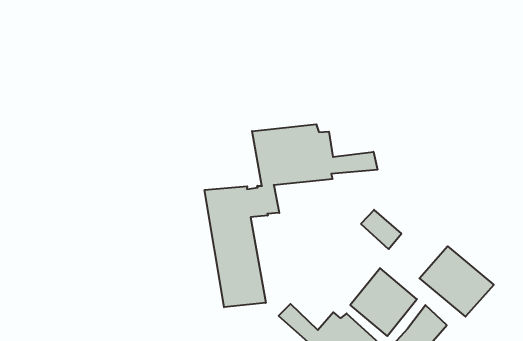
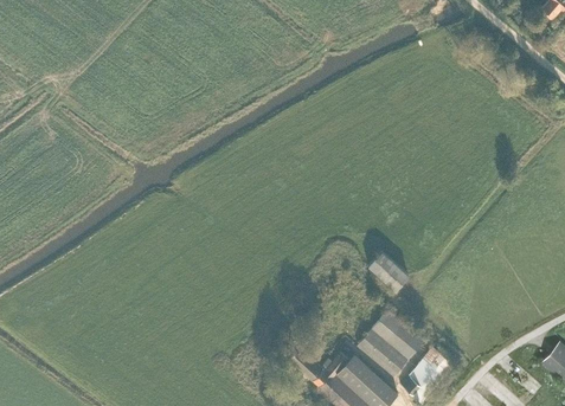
building: [205,124,377,307] -> none
building: [419,246,494,317] -> none

